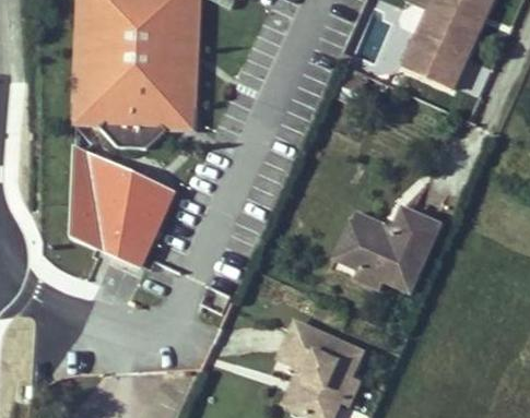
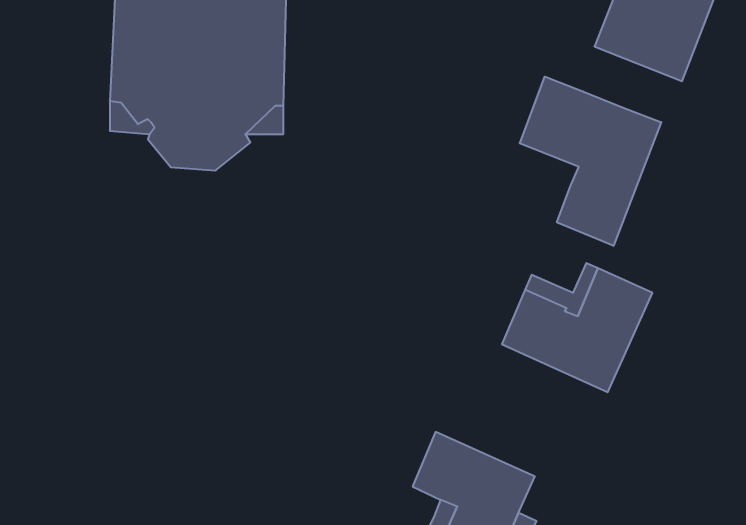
building: none -> [520,77,661,246]
building: [68,144,177,266] -> none

